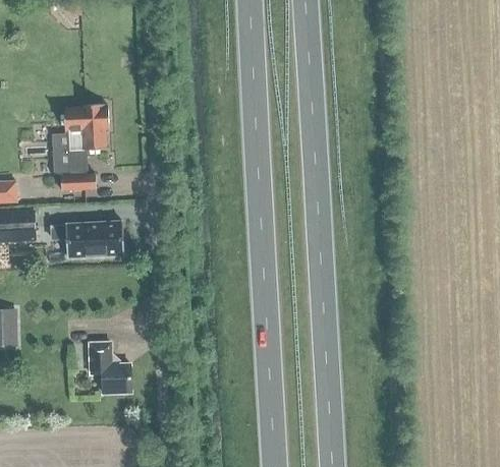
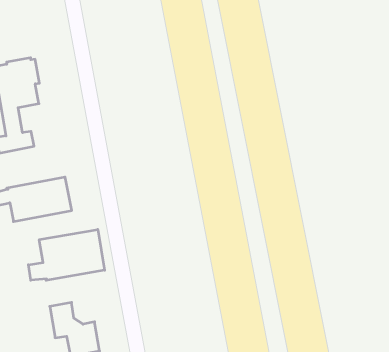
building: none -> [28,229,105,280]

